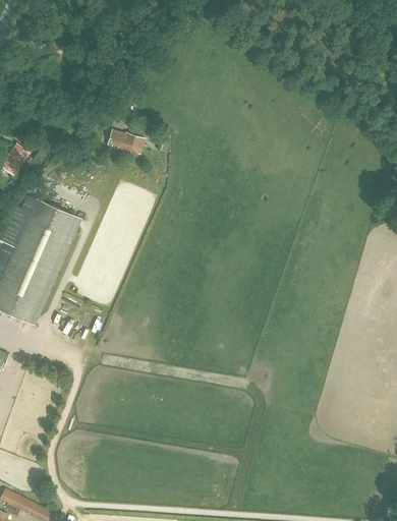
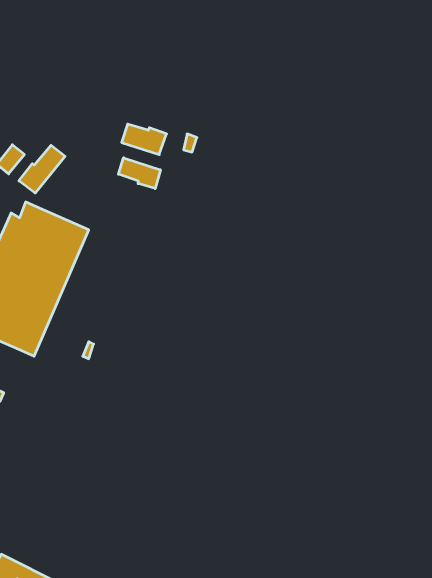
building: none -> [19,145,65,193]
building: none -> [118,158,160,189]

